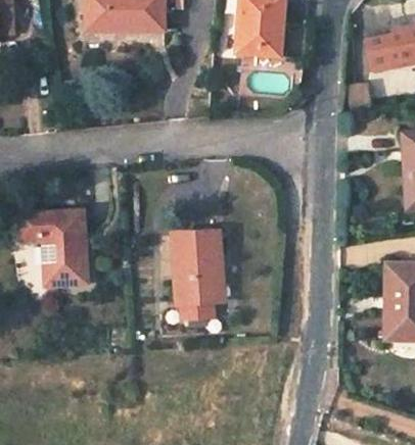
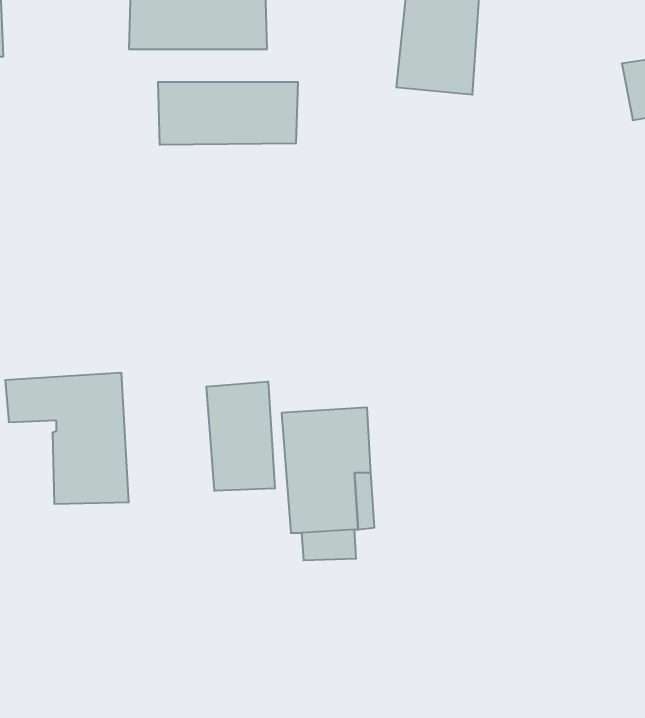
building: none -> [158,82,298,145]
building: none -> [206,381,275,491]

